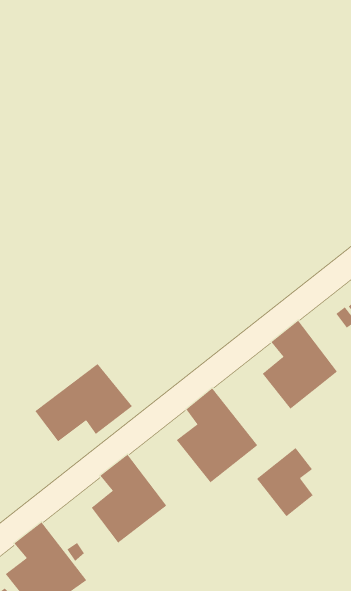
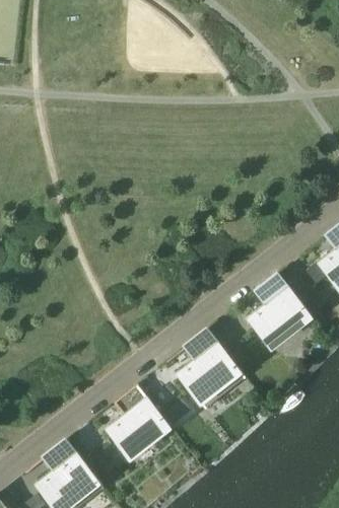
building: [34,363,133,442] -> none
building: [256,447,314,517] -> none

